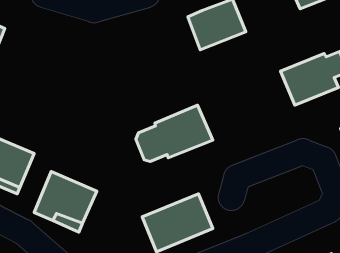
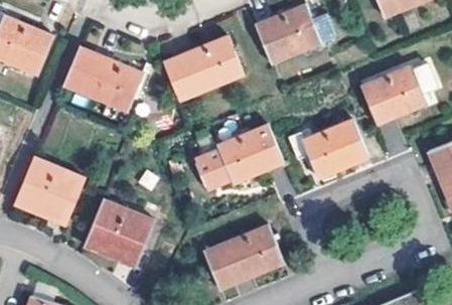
building: none -> [166,36,245,101]
building: none -> [64,46,145,112]
building: none -> [304,120,370,178]

